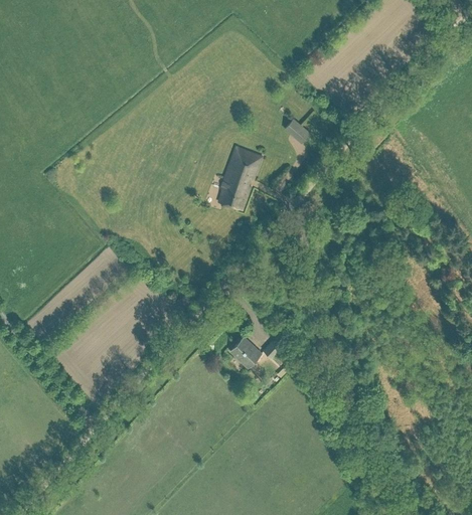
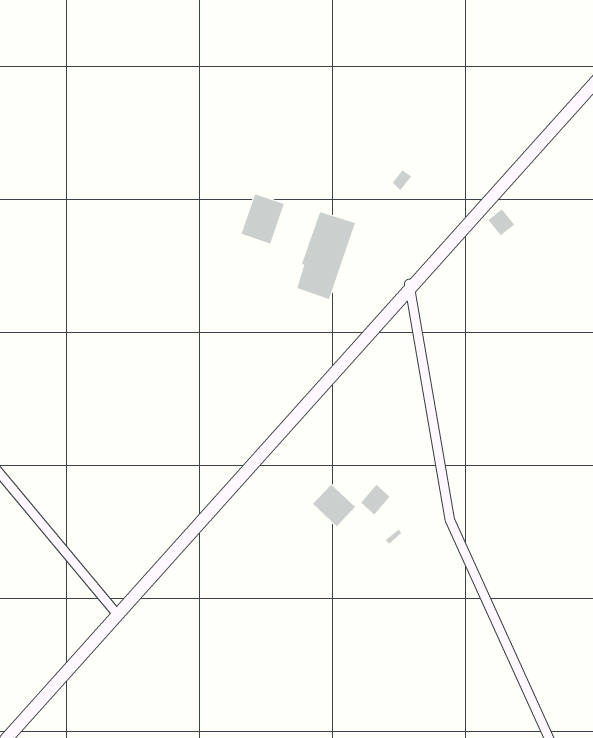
building: none -> [241,193,284,245]

